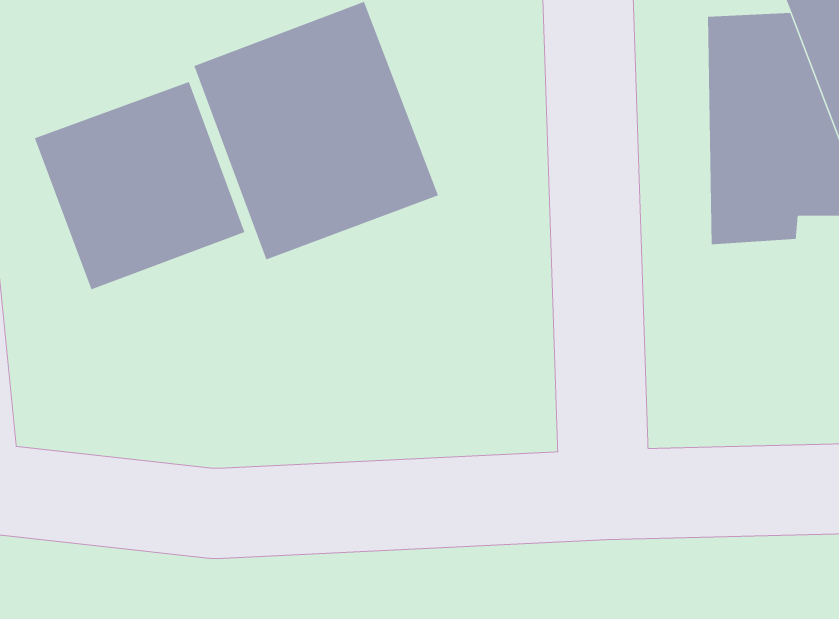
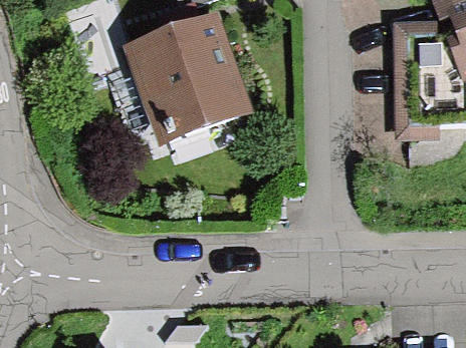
building: [34,81,245,290] -> none

